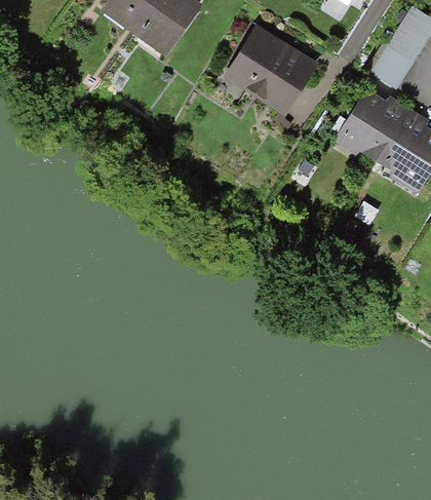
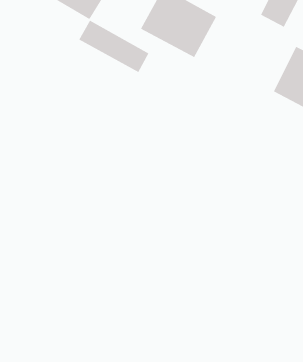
building: none -> [79,20,149,73]
building: [337,85,409,162] -> none

